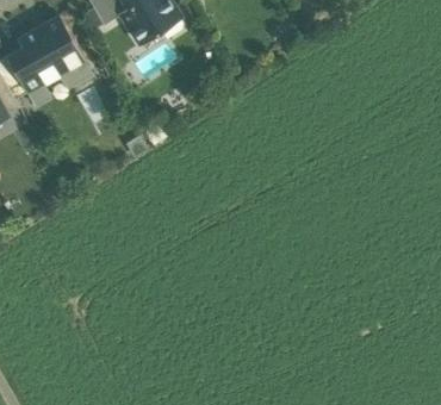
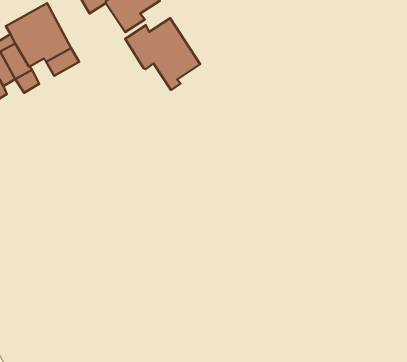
building: none -> [125,18,200,90]

